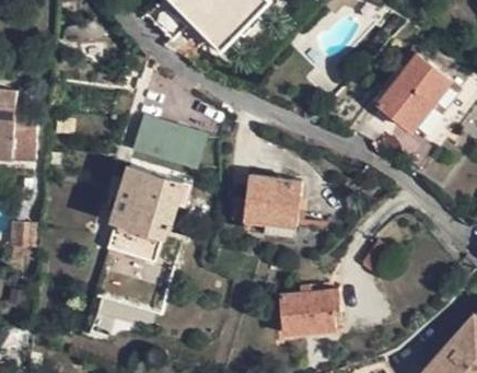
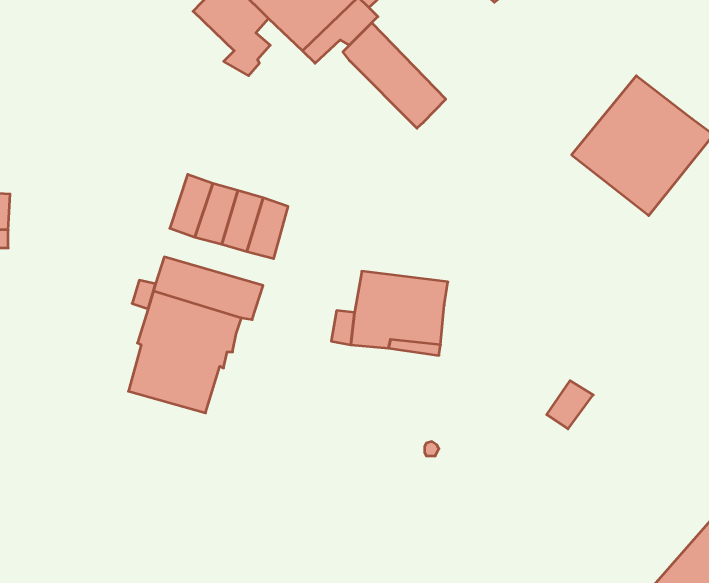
building: none -> [343,23,446,128]
building: [280,289,339,333] -> none

